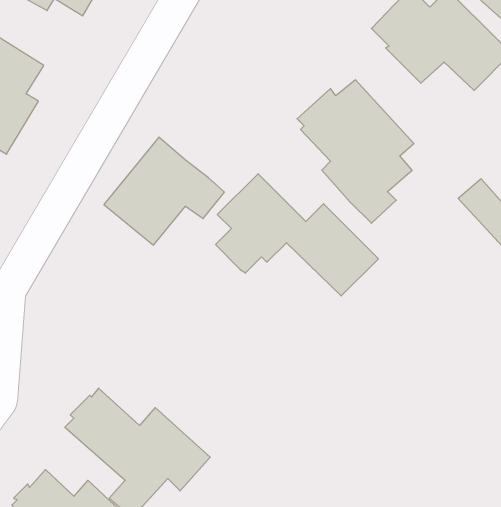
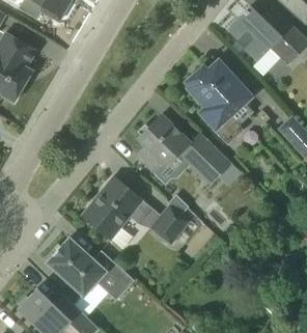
building: [104,137,224,245] -> [82,176,152,240]
building: none -> [149,204,203,247]

